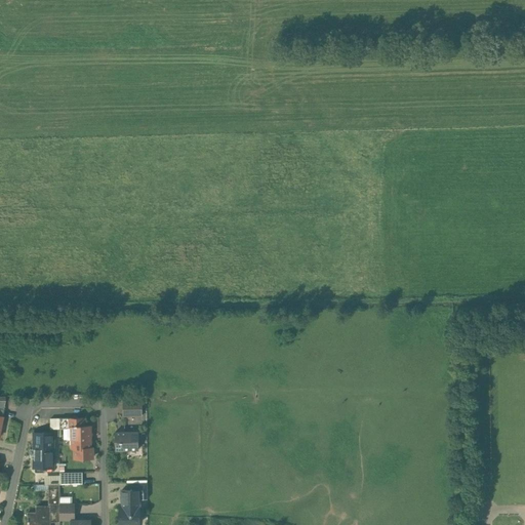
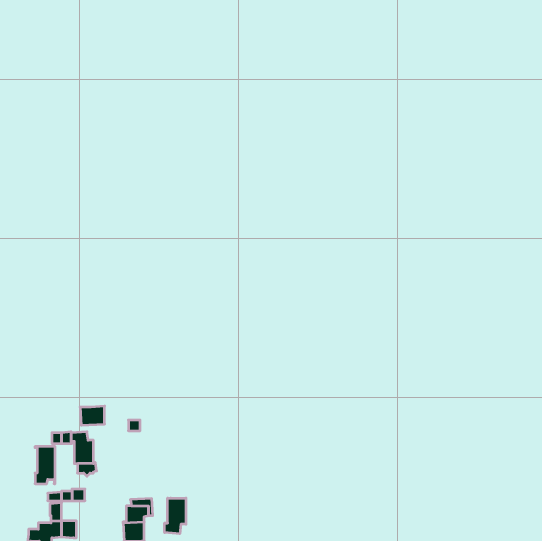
building: [115,432,138,450] -> [80,406,105,425]
building: none -> [165,498,186,534]

